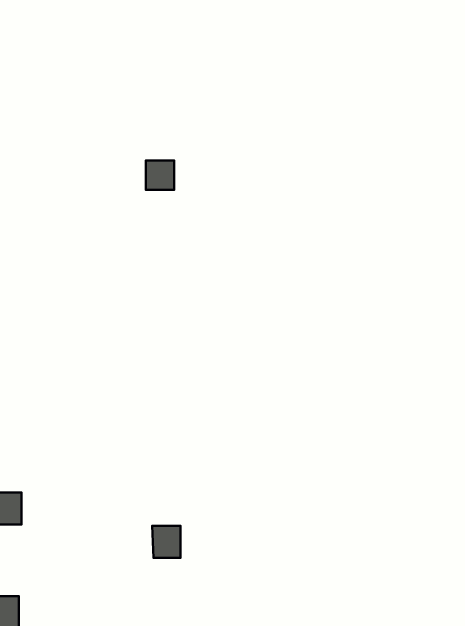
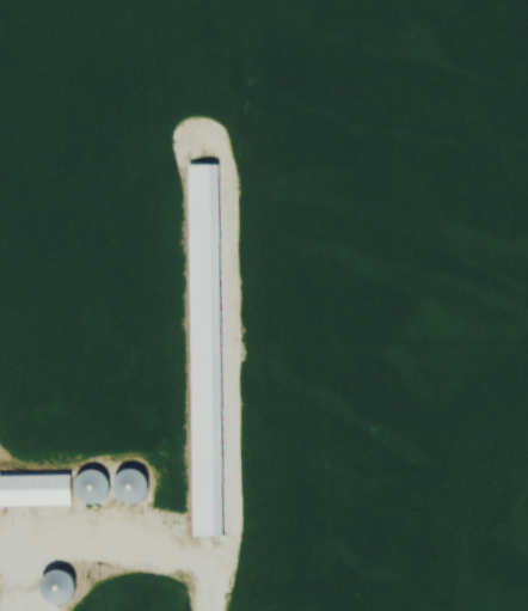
building: none -> [116,468,148,501]
building: none -> [79,470,104,502]

